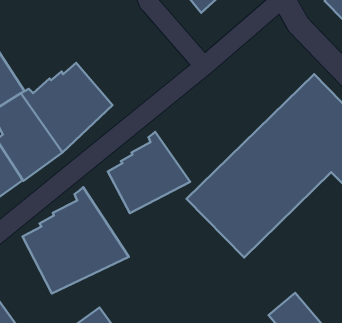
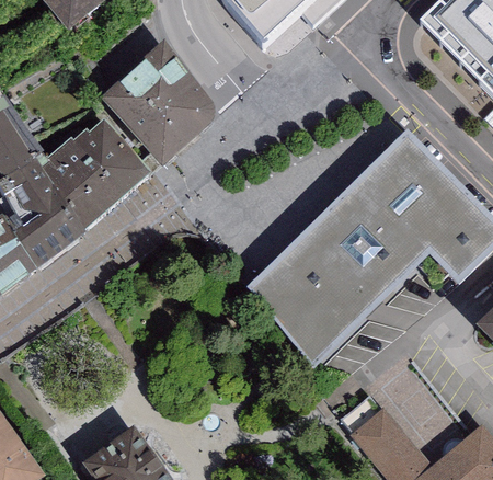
building: none -> [99,43,215,168]
building: [108,132,190,213] -> none
building: [23,187,129,293] -> none

